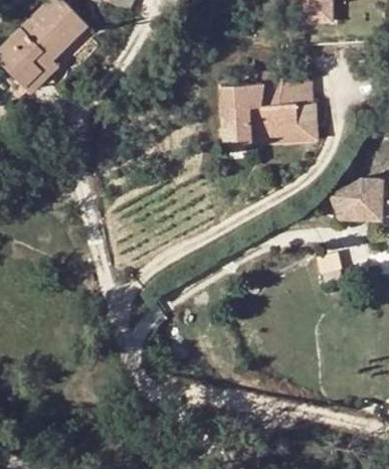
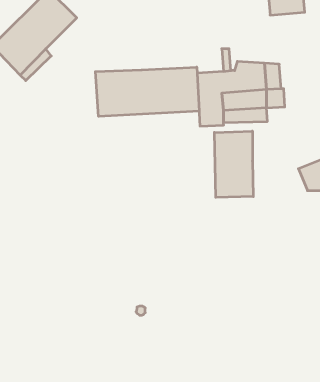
building: none -> [95,67,199,116]
building: none -> [214,131,253,197]

